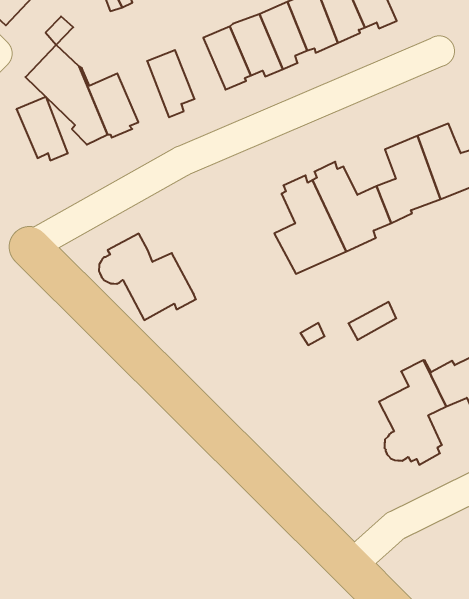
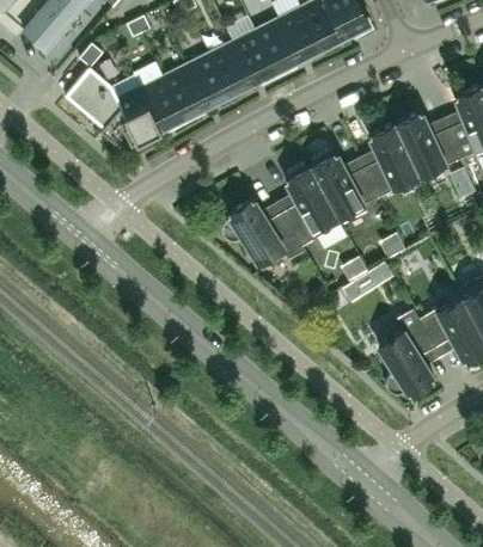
building: none -> [189,54,233,105]
building: [16,97,68,160] -> [142,76,188,129]
building: [99,234,196,320] -> [222,198,305,270]

